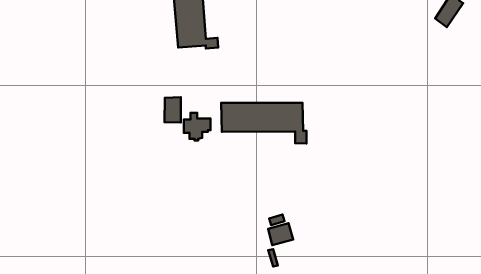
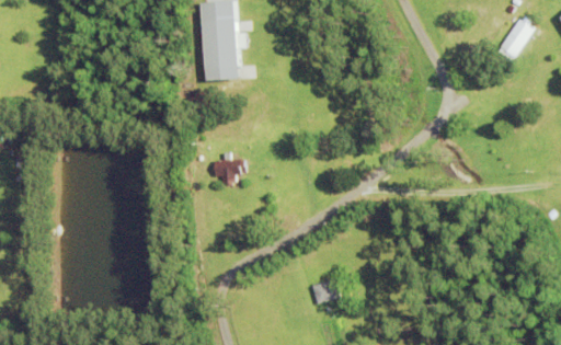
building: [165,97,181,123] -> none
building: [221,103,306,143] -> none

